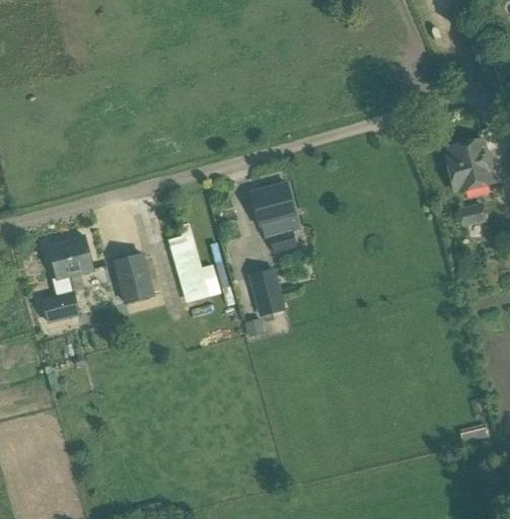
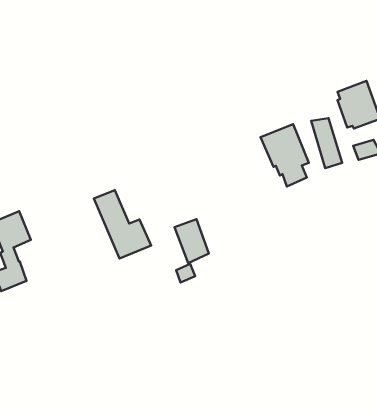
building: none -> [311,118,342,168]
building: [251,182,301,250] -> [261,124,309,186]
building: [115,253,157,299] -> none

